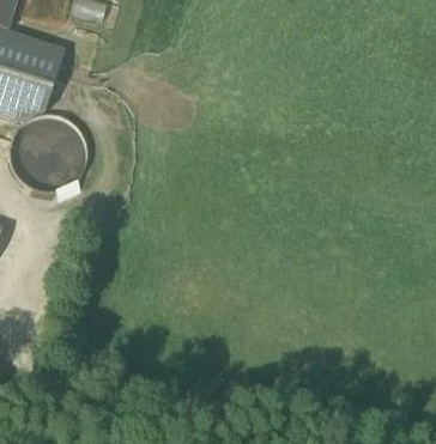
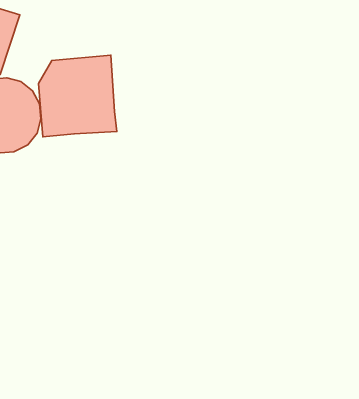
building: none -> [38,55,117,137]

